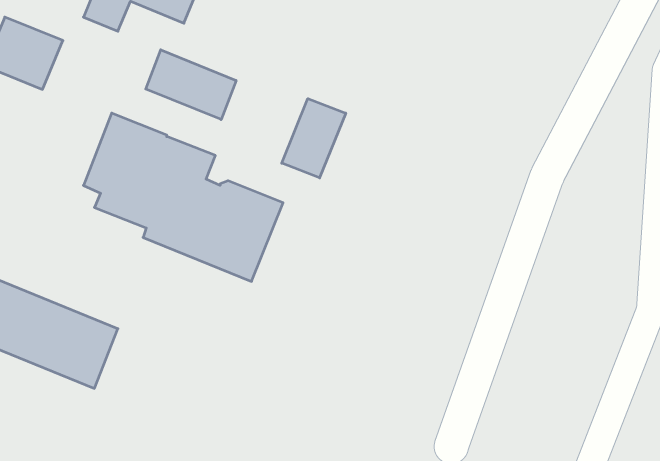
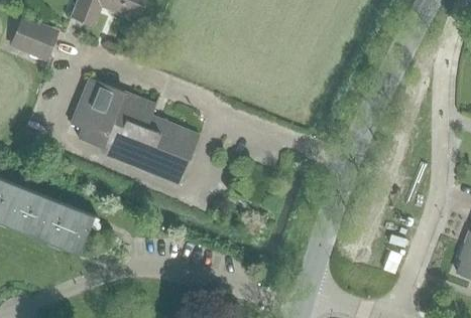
building: [146,50,236,120] -> none
building: [282,99,346,178] -> none

